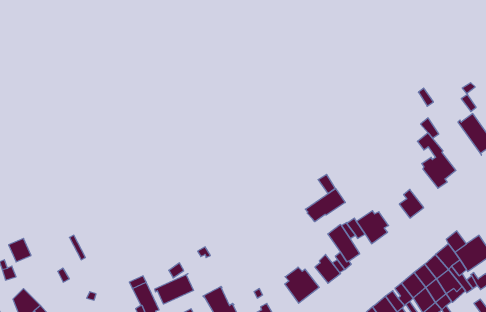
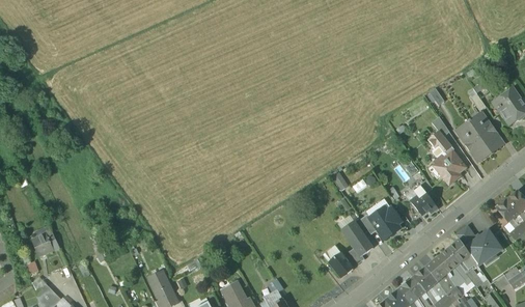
building: none -> [458,120,491,162]
building: [305,188,345,222] -> none
building: [285,267,319,303] -> none
building: [155,274,194,304] -> none

